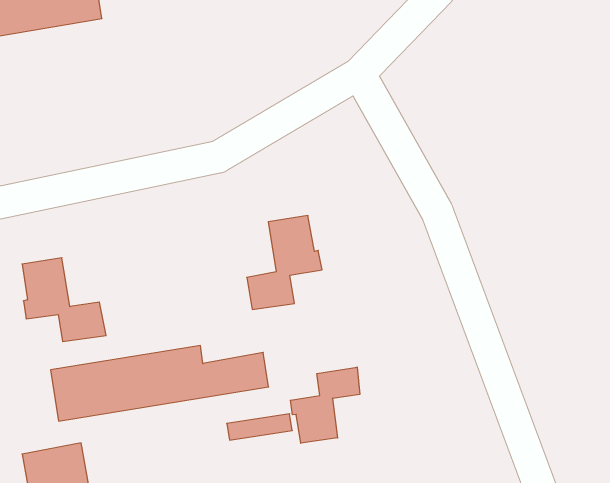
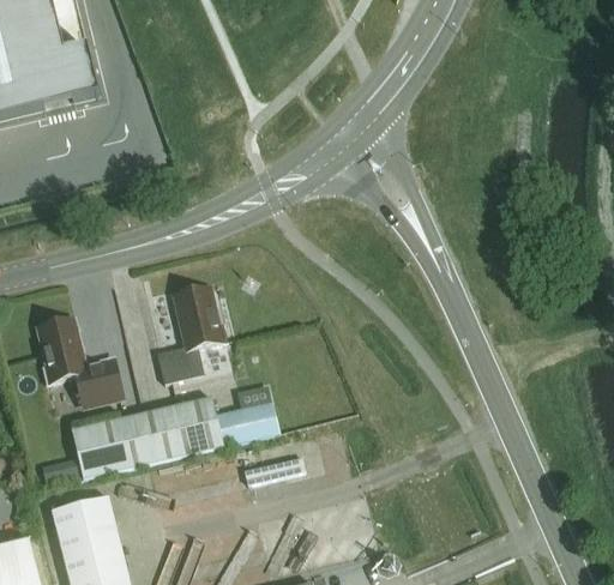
building: [247,216,322,309] -> [157,290,228,382]
building: [290,367,360,443] -> none

